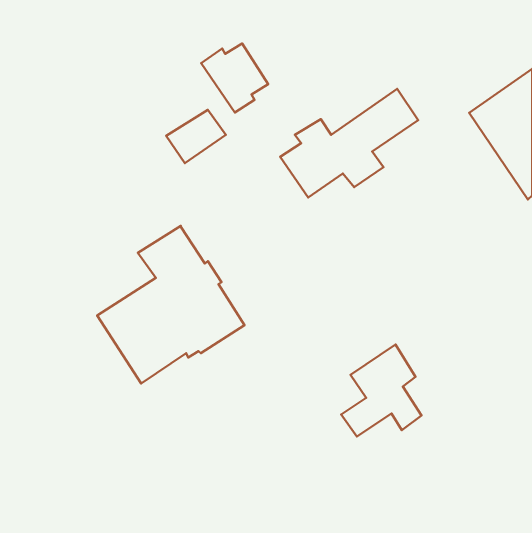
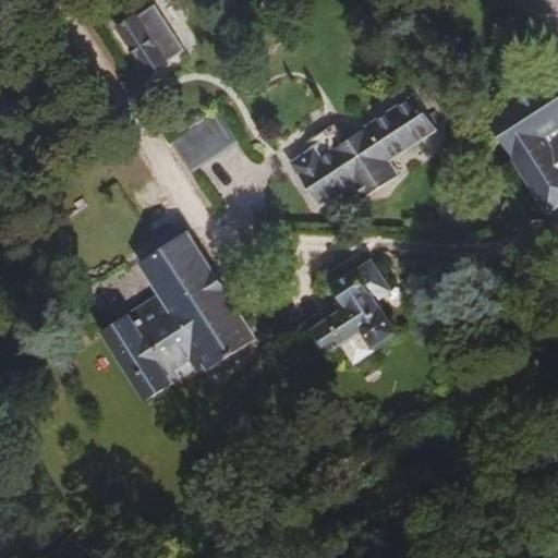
building: [201,43,268,112] -> [114,7,184,78]
building: [341,345,422,437] -> [314,258,398,354]

